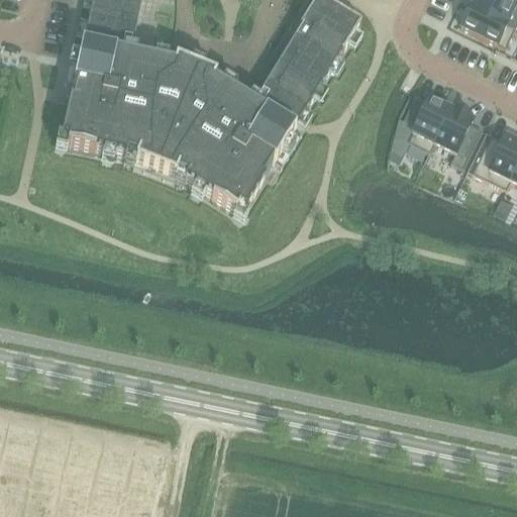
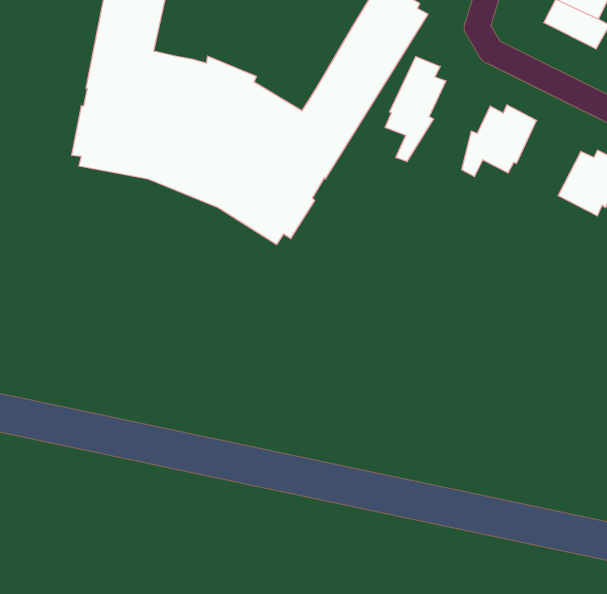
building: none -> [385,57,446,162]
building: [439,102,485,163] -> none

